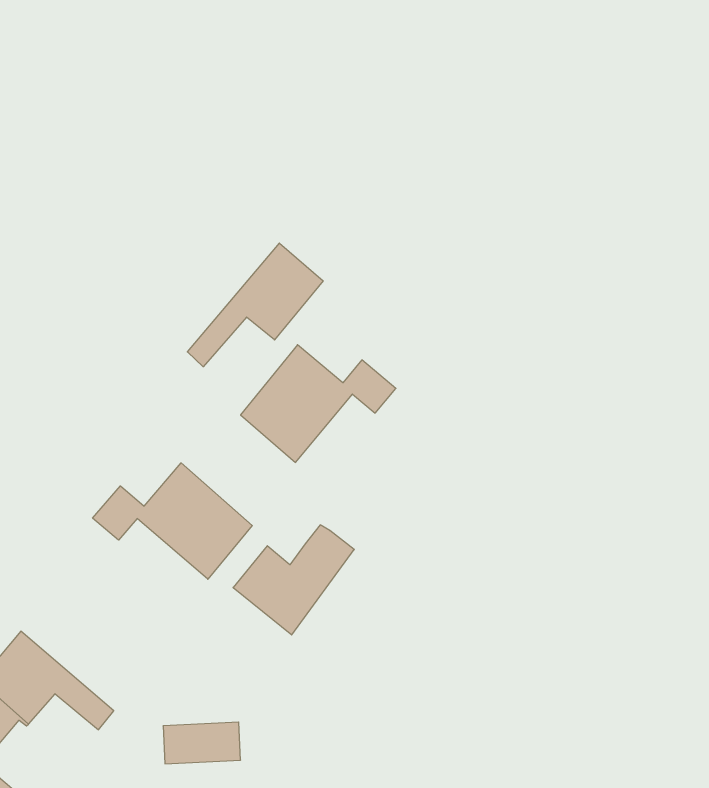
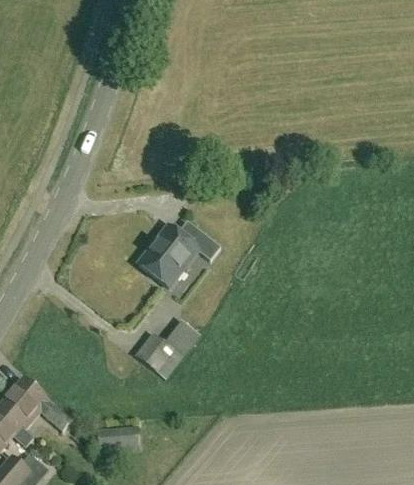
building: [187,243,323,367] -> none
building: [93,463,252,579] -> none

